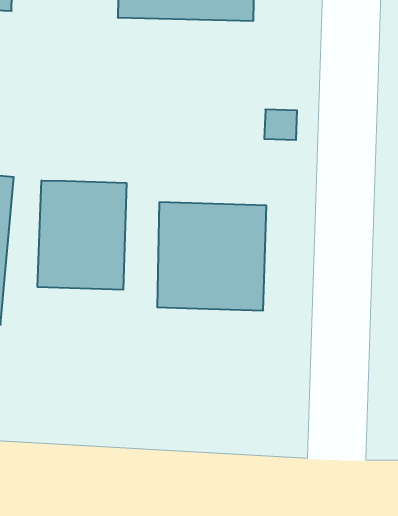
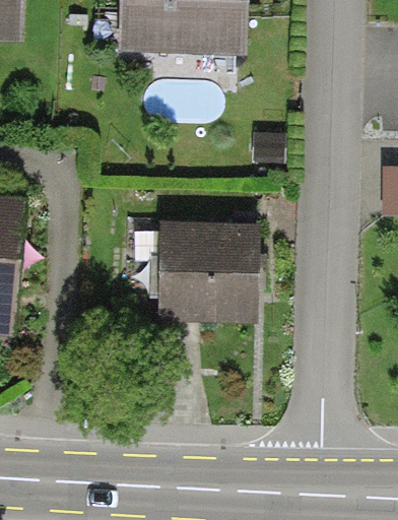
building: [38,180,126,290] -> none

